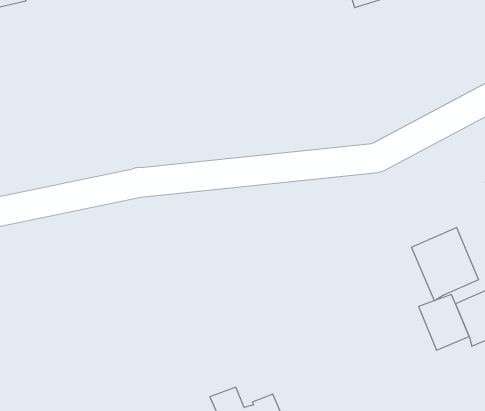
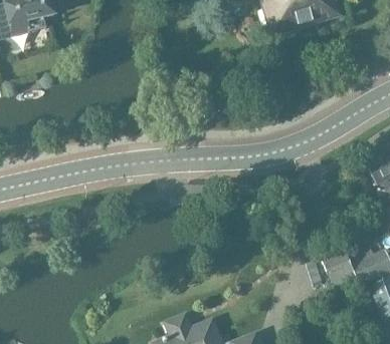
building: [411,227,478,301] -> none

